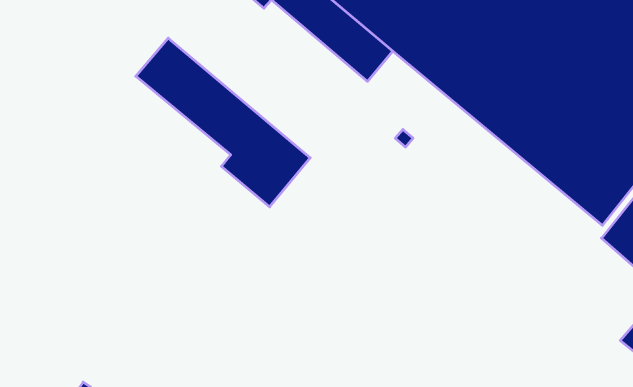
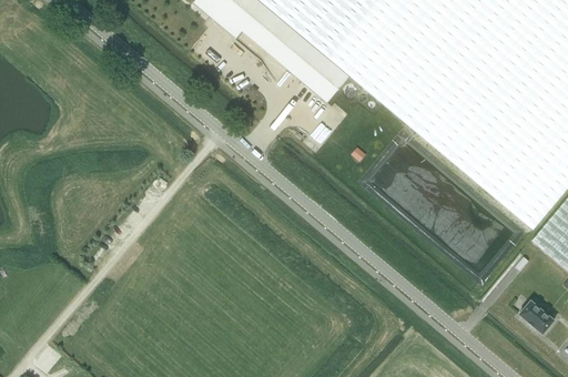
building: [136,38,310,207] -> none
building: none -> [519,298,555,333]

